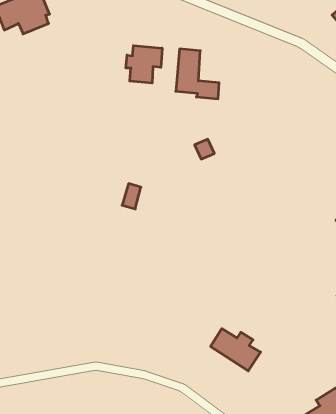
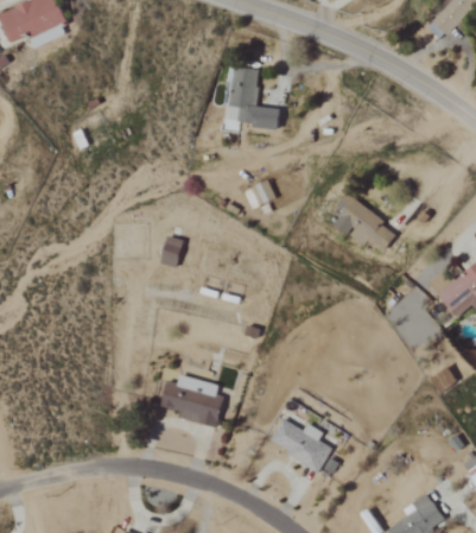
building: [126,46,162,83] -> none
building: none -> [334,195,395,252]
building: none -> [161,376,224,427]

